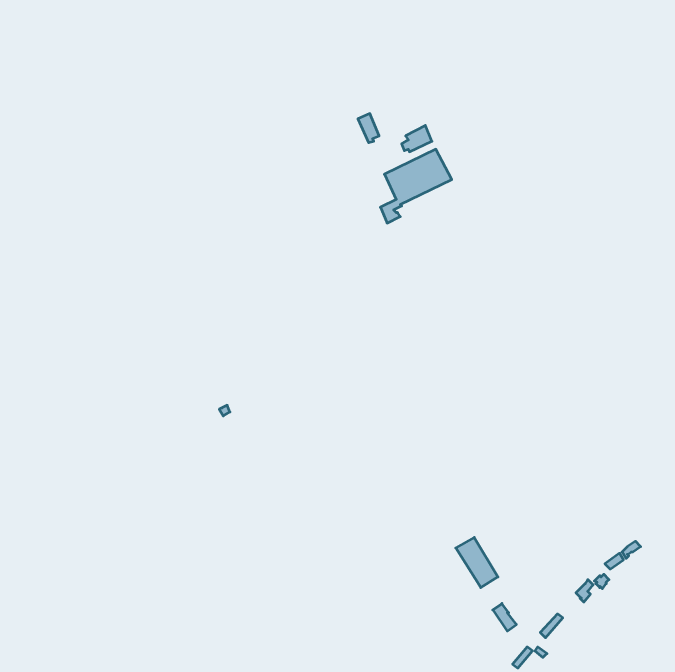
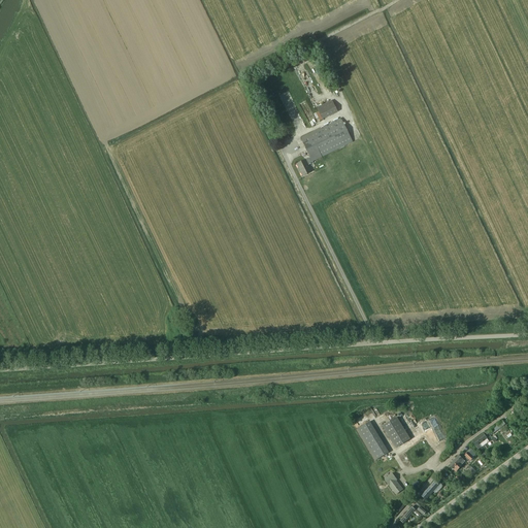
building: none -> [383,416,410,446]

